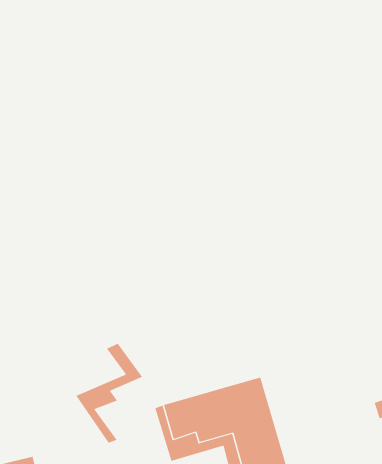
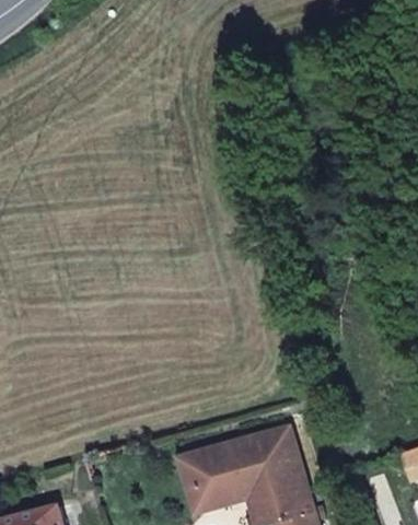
building: [76,343,143,443] -> none

